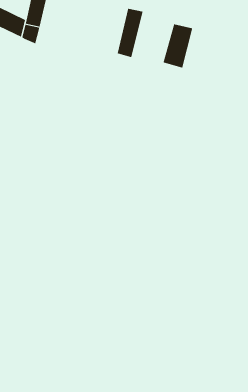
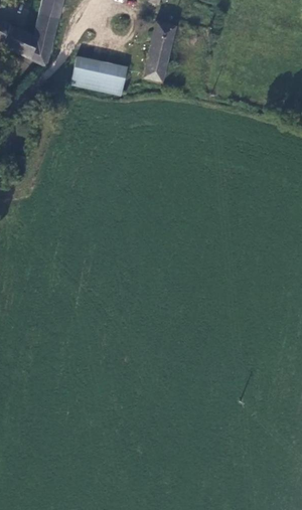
building: [163,23,193,68] -> none
building: none -> [72,56,127,89]

